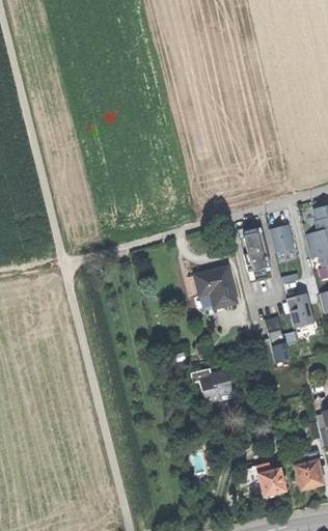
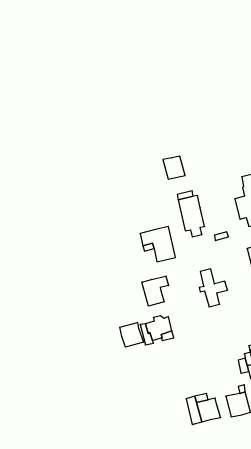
building: [268,225,294,252] -> [163,156,185,179]
building: [286,294,313,328] -> none
building: none -> [142,276,169,306]
building: none -> [120,322,143,347]

